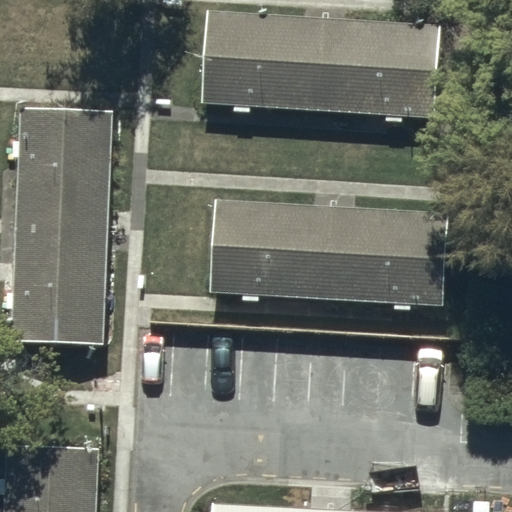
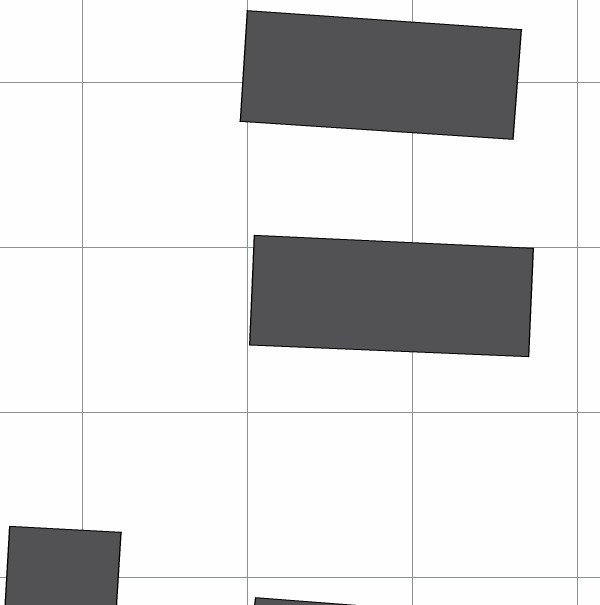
building: [15,107,107,342] -> none

